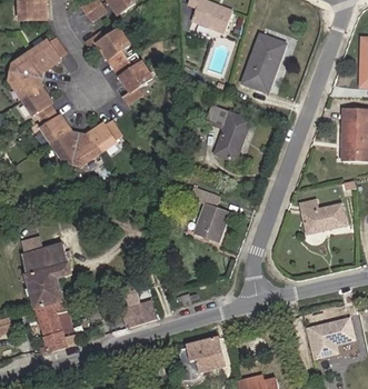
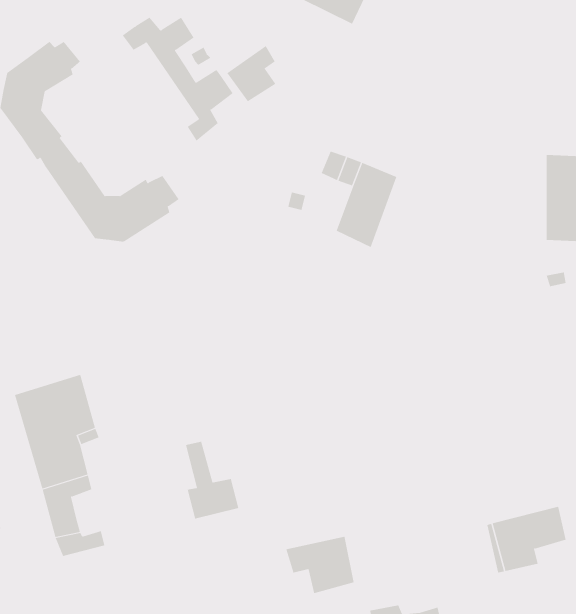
building: [240,39,286,94] -> none
building: none -> [226,45,276,102]
building: [188,186,228,245] -> none
building: [295,199,339,232] -> none

